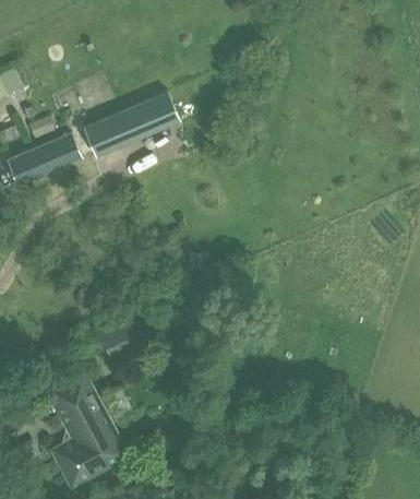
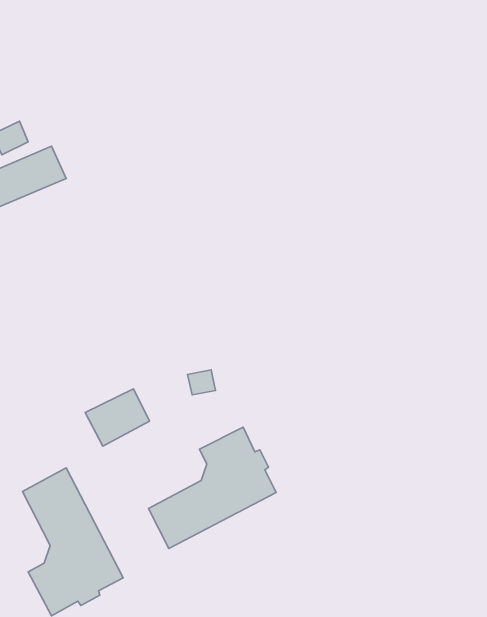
building: [82,94,178,157] -> none
building: none -> [148,427,276,548]

